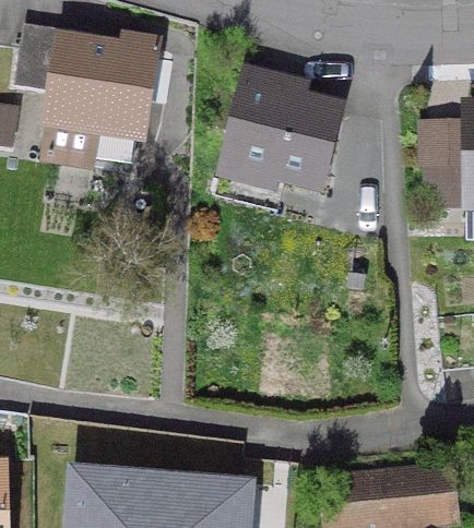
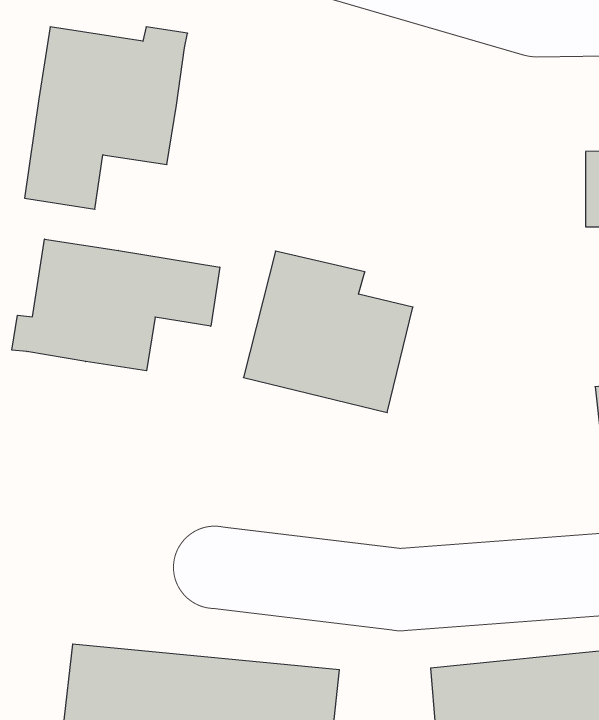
building: [222,76,337,187] -> [243,251,413,413]
building: none -> [12,239,220,371]

